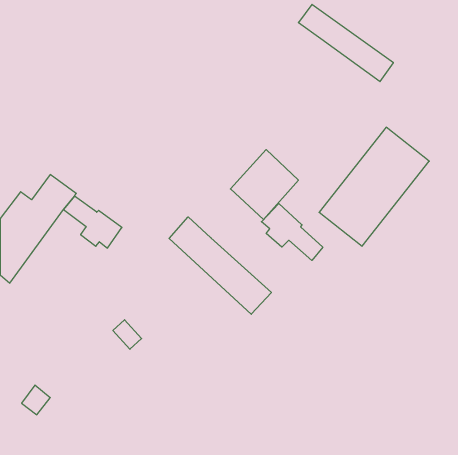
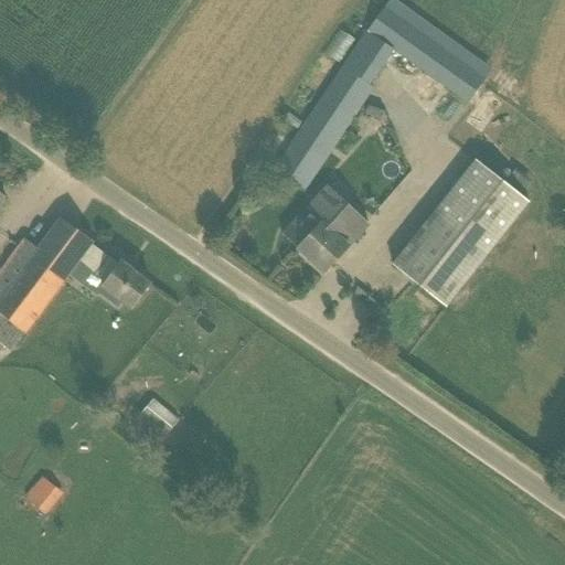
building: none -> [275,28,395,188]
building: [261,204,323,260] -> none
building: [169,217,271,314] -> none

